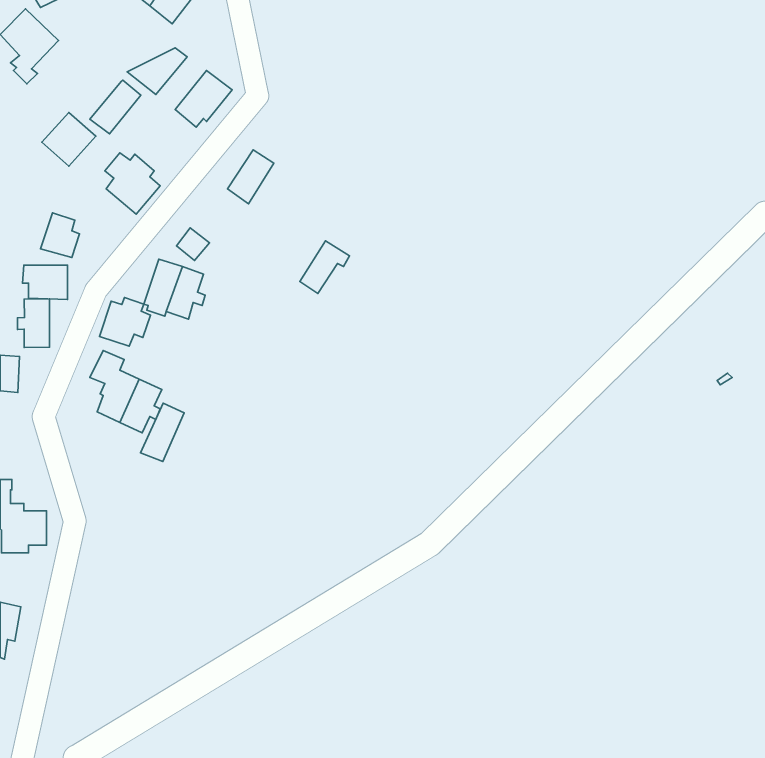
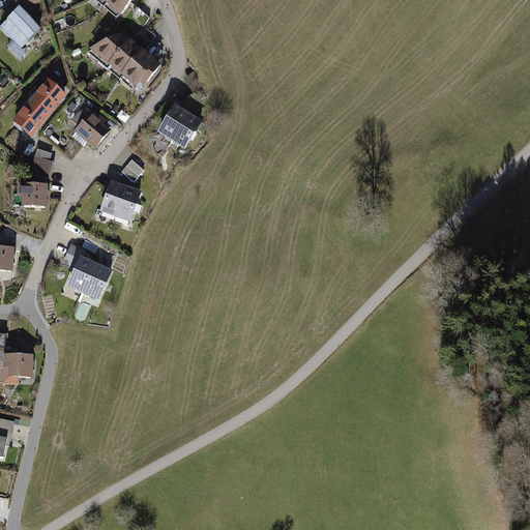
building: [90,80,141,134] -> [108,38,143,76]
building: none -> [11,98,48,136]
building: [300,241,349,293] -> [172,113,206,149]
building: [99,298,150,346] -> none
building: [17,299,49,347] -> none
building: [140,403,184,461] -> none

